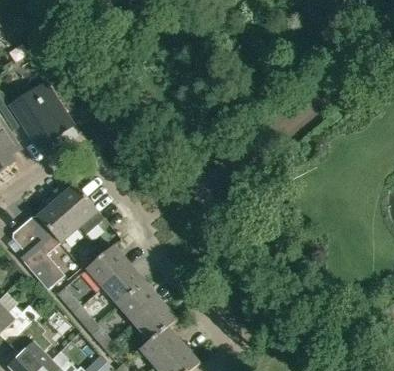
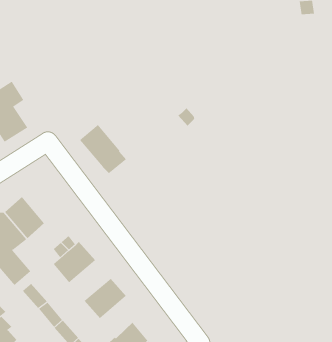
building: [55,183,103,233] -> [79,124,127,174]
building: [102,263,144,304] -> none
building: [133,299,176,341] -> none

